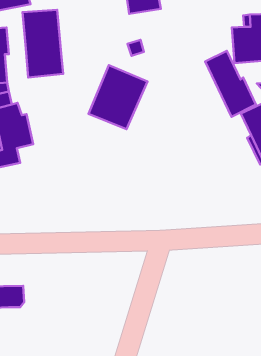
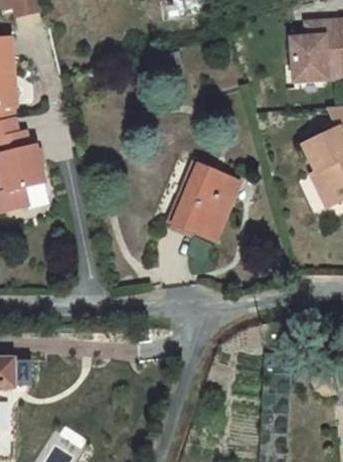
building: [23,10,63,78] -> none
building: [205,51,256,117] -> none
building: [89,65,148,129] -> [167,160,240,240]

